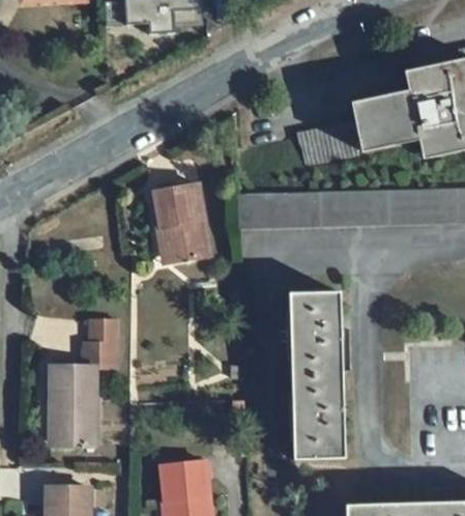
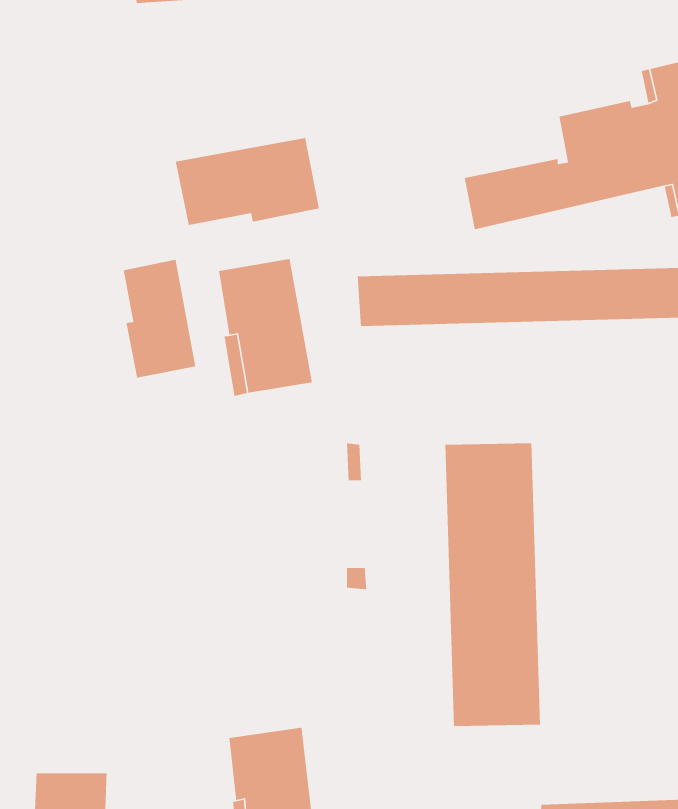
building: none -> [175,137,320,226]
building: none -> [123,259,196,378]
building: [51,321,119,447] -> none

